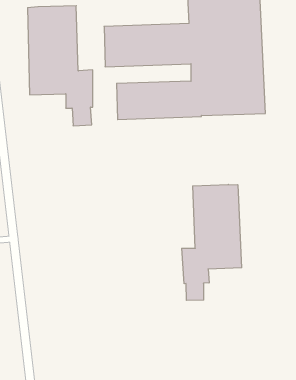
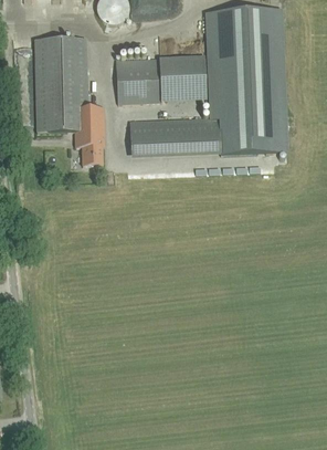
building: [182,184,242,300] -> none

